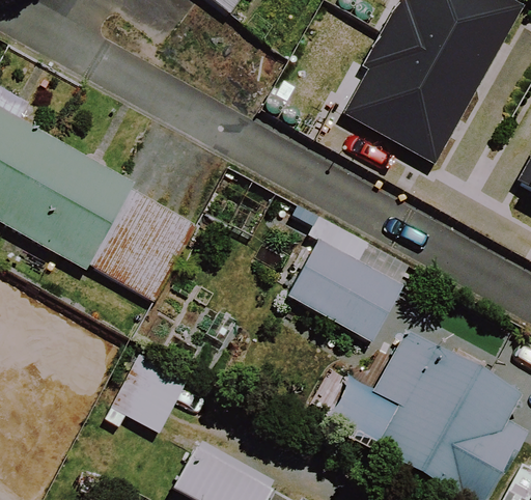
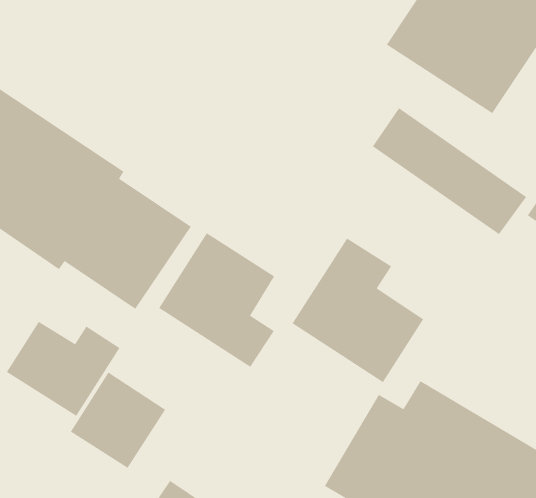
building: none -> [158,232,275,368]
building: none -> [6,321,121,417]

